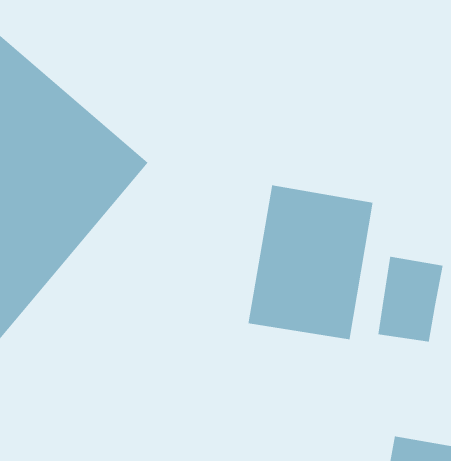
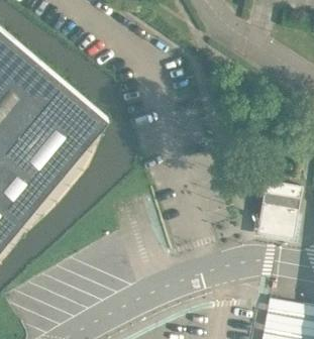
building: [248,185,373,340] -> none

